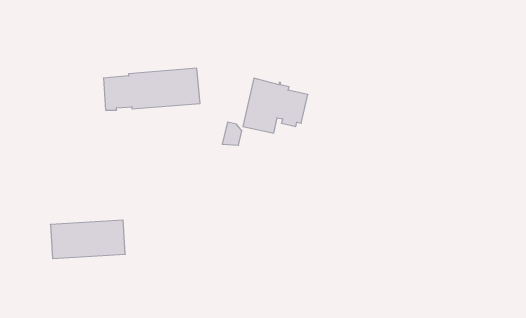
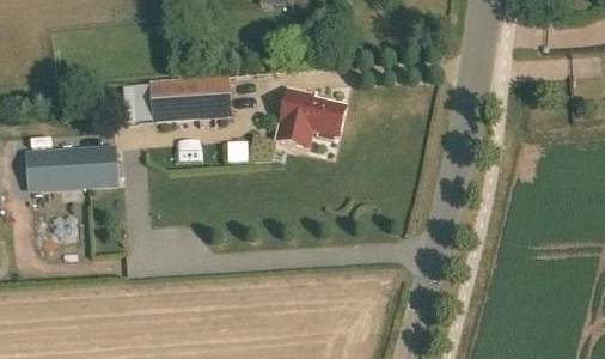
building: [50,220,125,259] -> [26,147,108,189]

